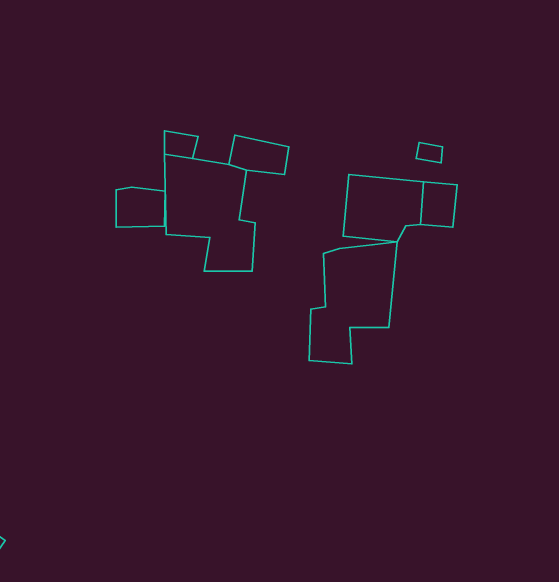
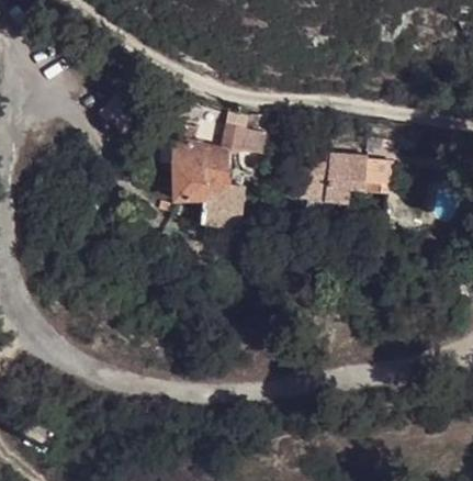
building: [116,187,165,227] -> none
building: [309,242,397,364] -> none

